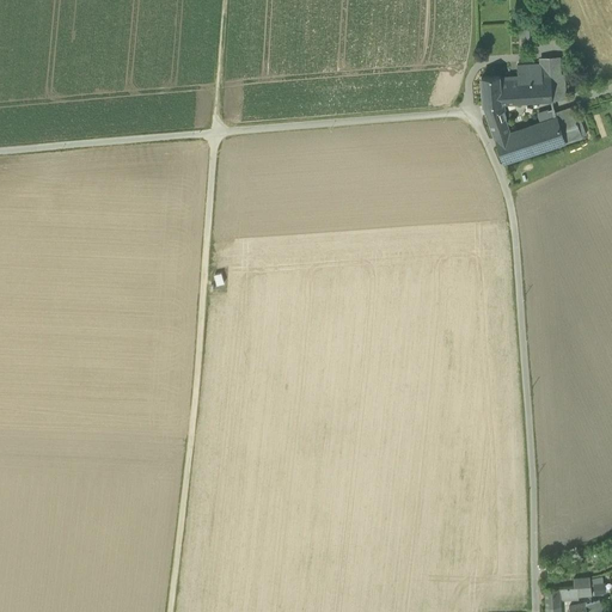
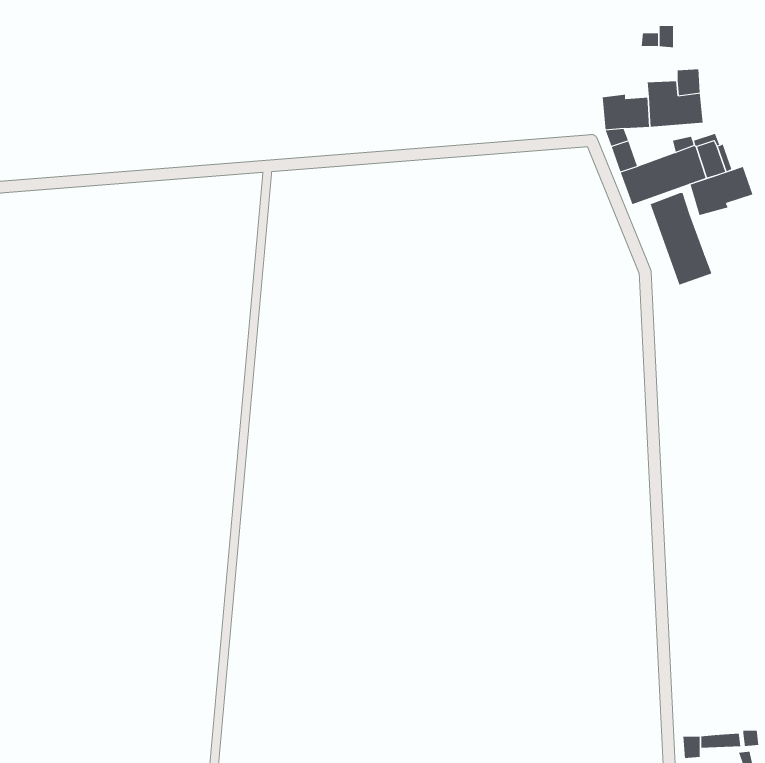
building: none -> [690,166,753,216]
building: none -> [650,192,712,286]

